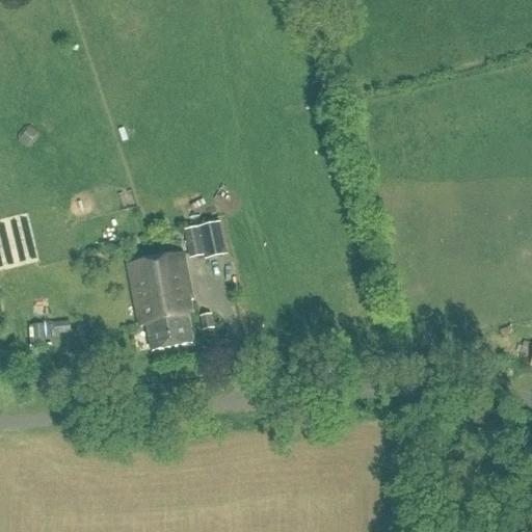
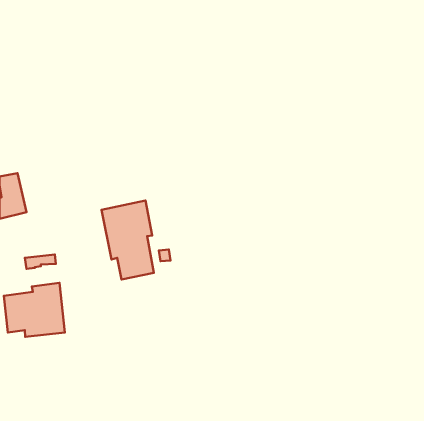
building: [184,219,227,256] -> none
building: none -> [4,283,65,337]

